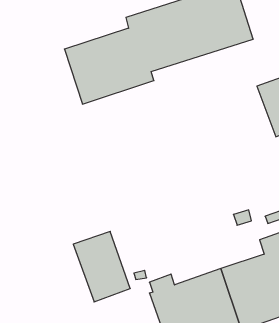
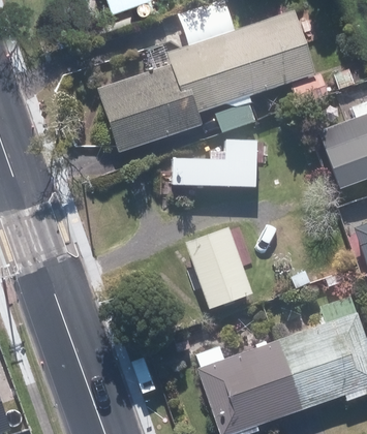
building: none -> [172,141,255,187]
building: [73,231,130,302] -> [185,229,250,310]

